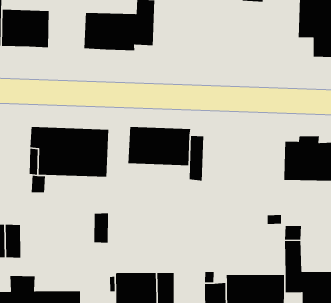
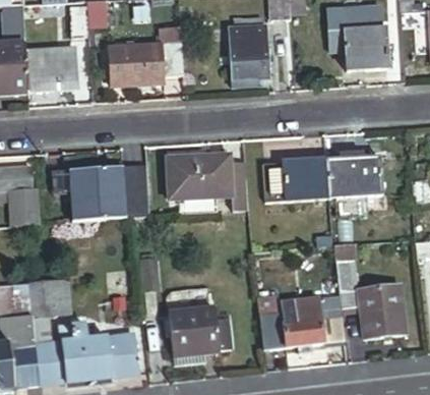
building: none -> [230,29,268,84]
building: none -> [261,158,329,201]

